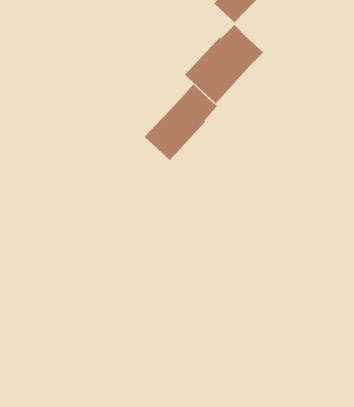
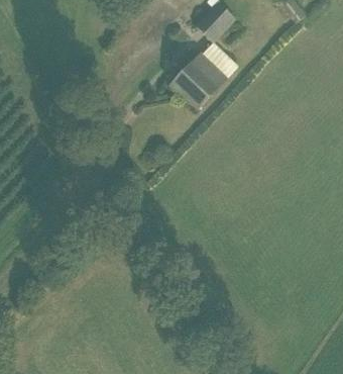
building: [144,84,218,161] -> none

